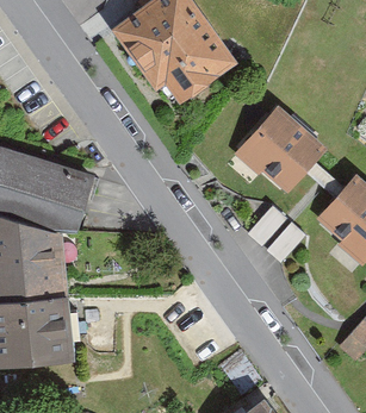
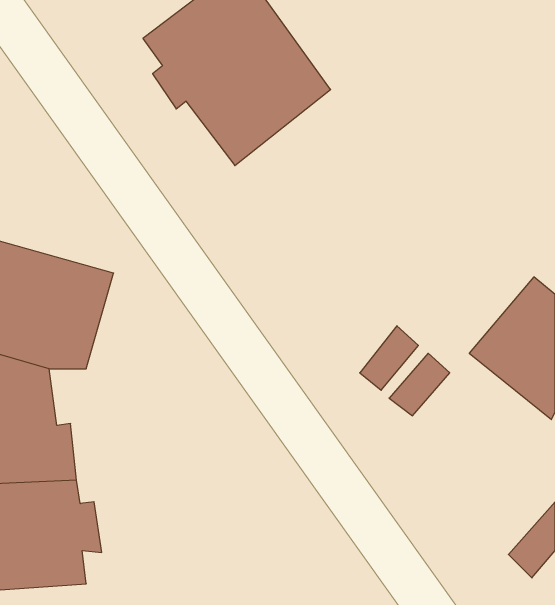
building: [232,106,322,193] -> none

